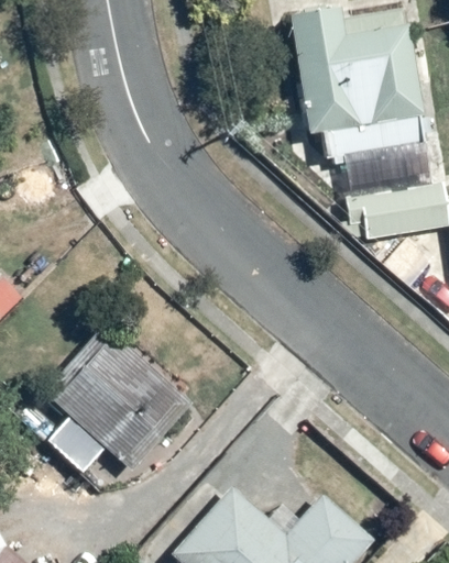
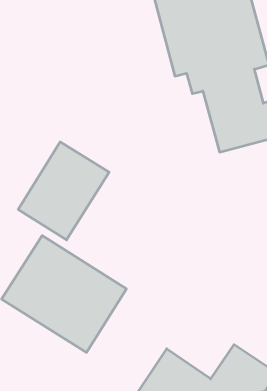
building: none -> [18,142,109,240]

